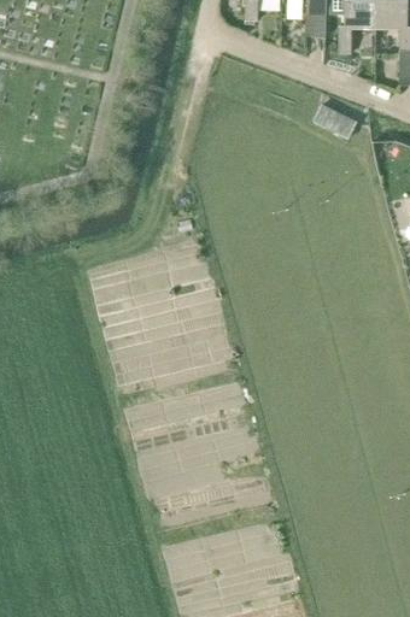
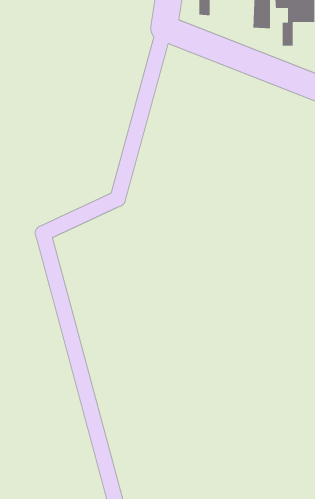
building: [314,102,358,137] -> none

